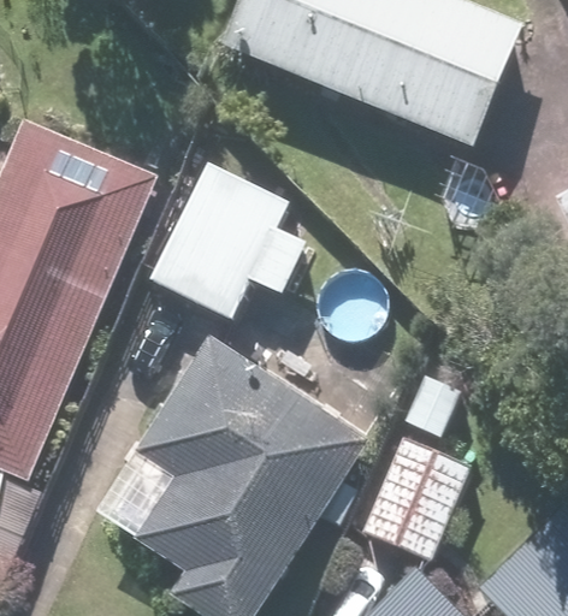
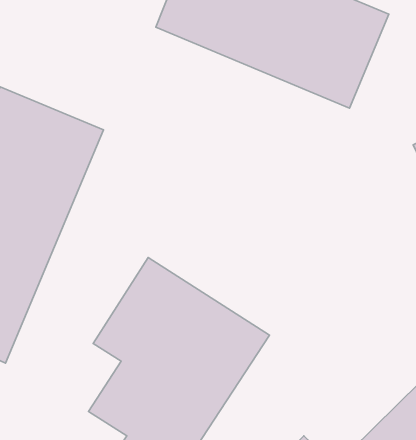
building: [150,162,308,321] -> none
building: [359,432,471,558] -> none

